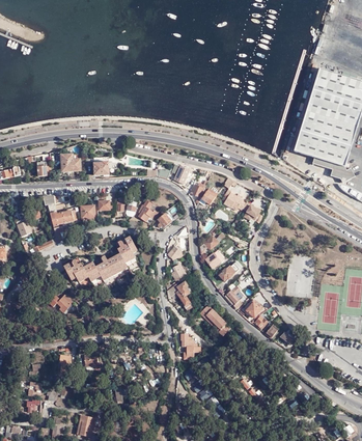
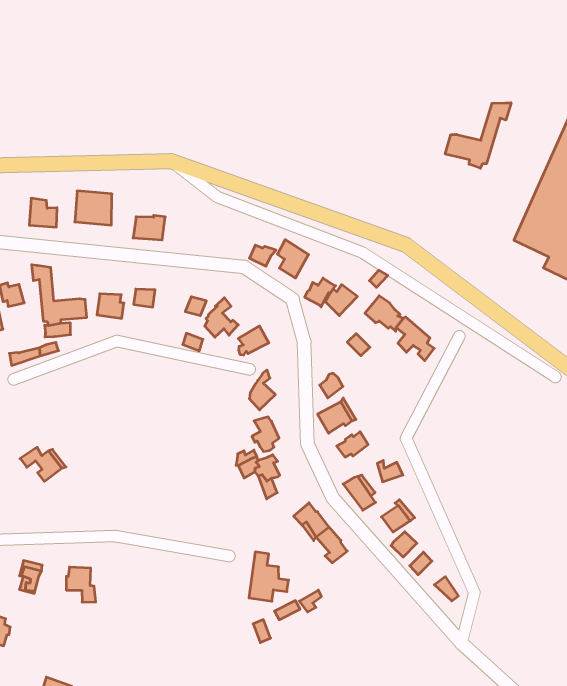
building: none -> [445,103,511,168]
building: [65,239,137,282] -> none

